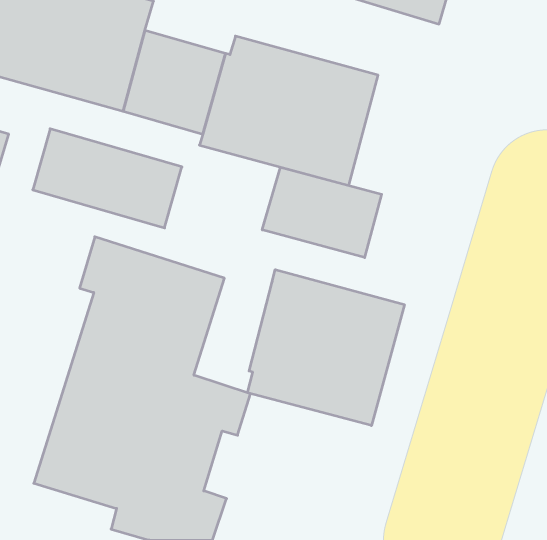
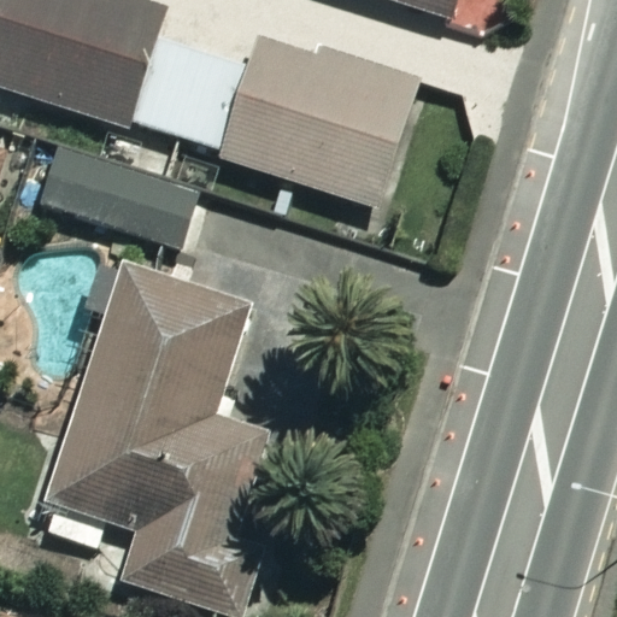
building: [262,167,382,258] -> none
building: [248,270,404,426] -> none

